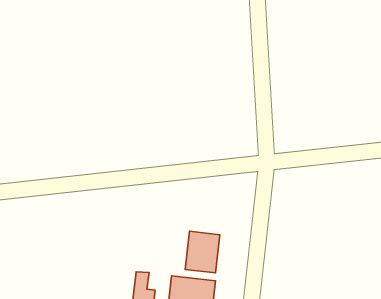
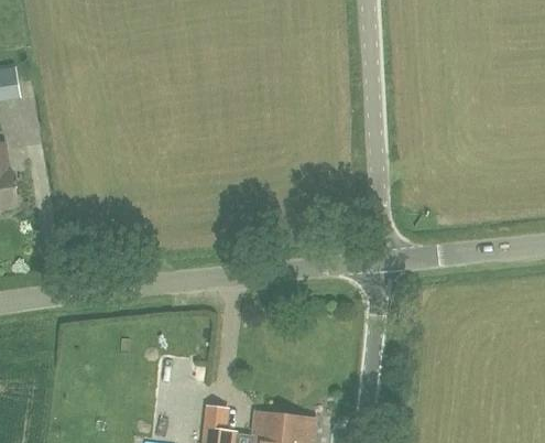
building: [185,231,220,273] -> none

